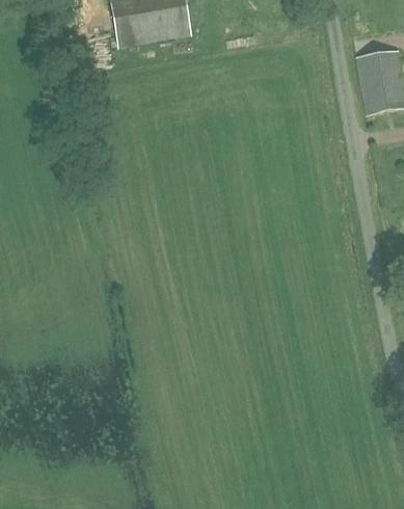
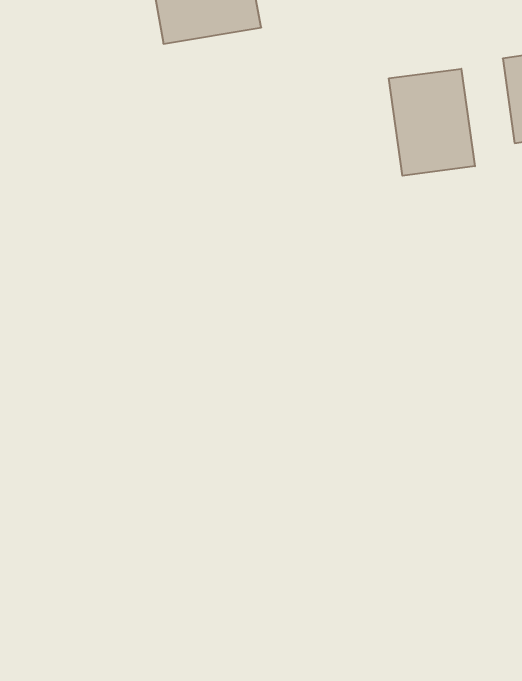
building: none -> [389,69,475,176]

